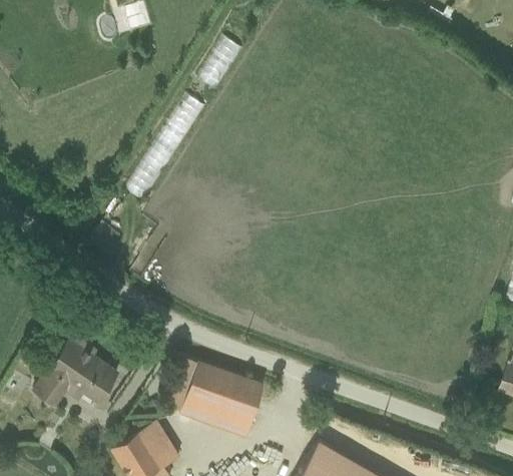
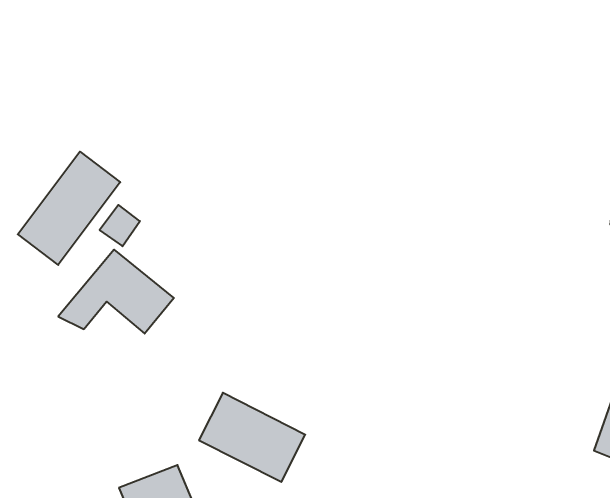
building: none -> [18,152,120,265]
building: [29,339,121,405] -> [58,250,174,334]

